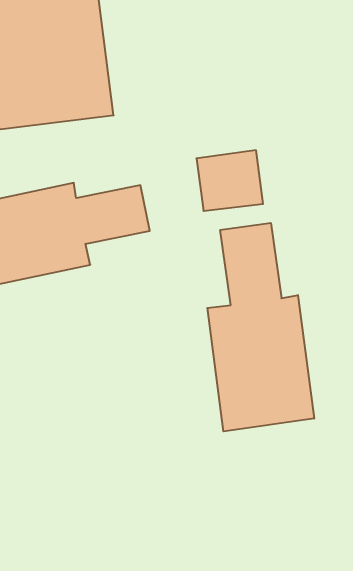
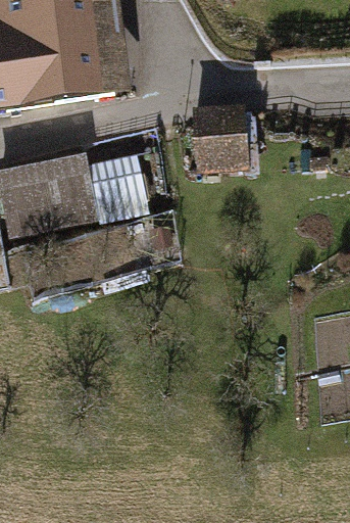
building: [207,223,314,431] -> none

